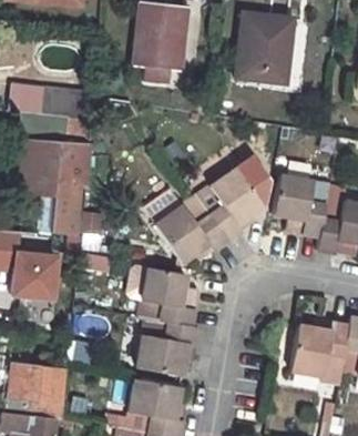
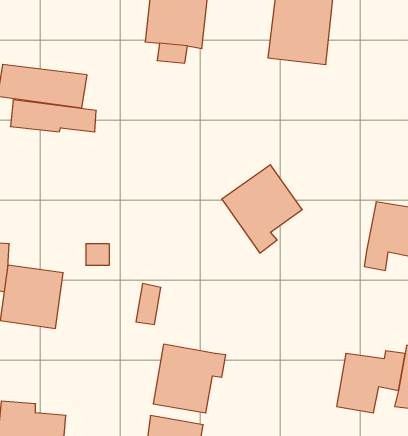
building: [19,142,90,235] -> none
building: [275,176,329,237] -> none
building: [158,195,229,261] -> none
building: [141,267,195,325] -> none

